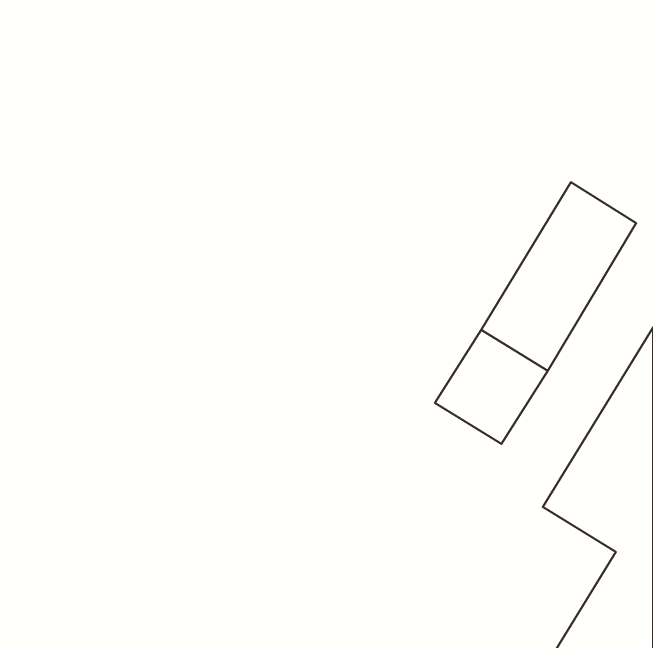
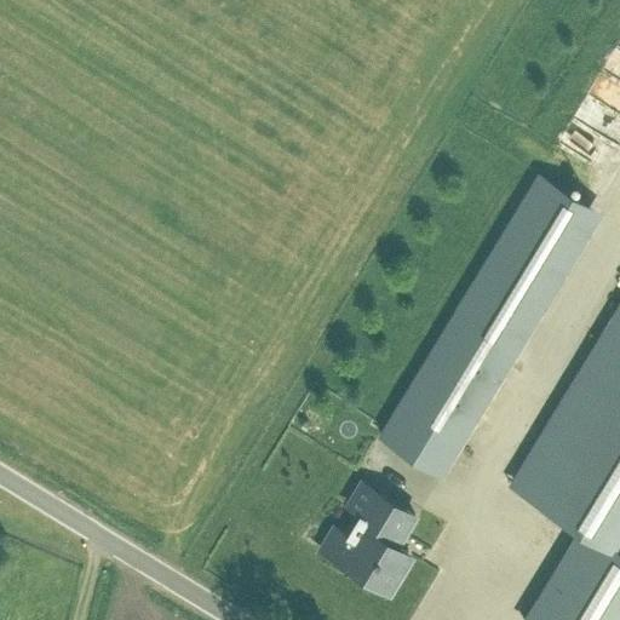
building: none -> [379,388,473,476]
building: none -> [329,493,411,591]

